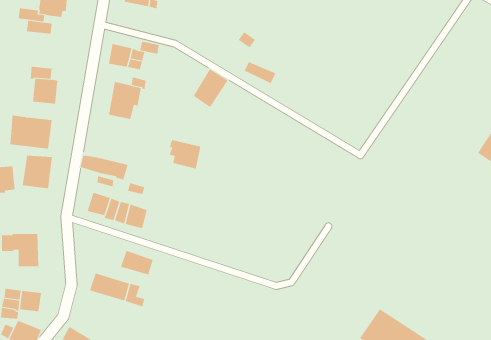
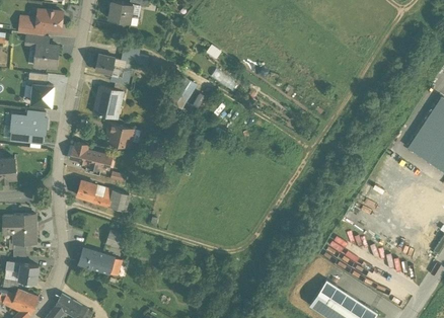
building: none -> [32,44,56,67]
building: [169,139,201,169] -> [106,123,134,148]
building: [22,155,52,189] -> none

